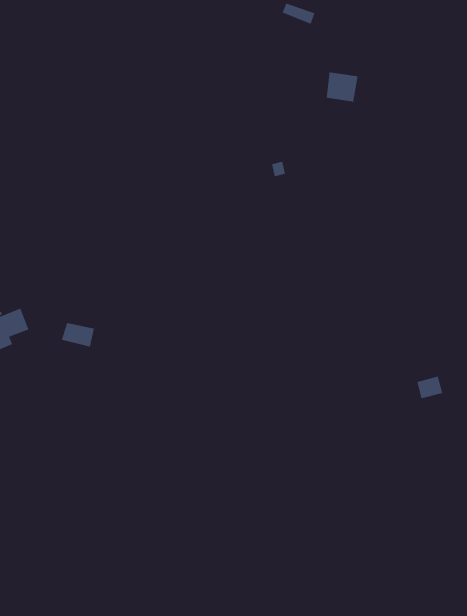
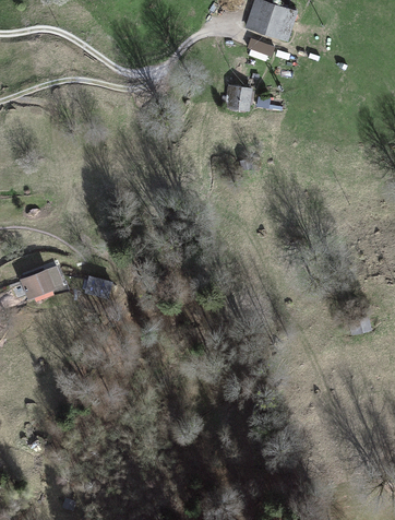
building: [326,71,358,102] -> [226,86,250,109]

